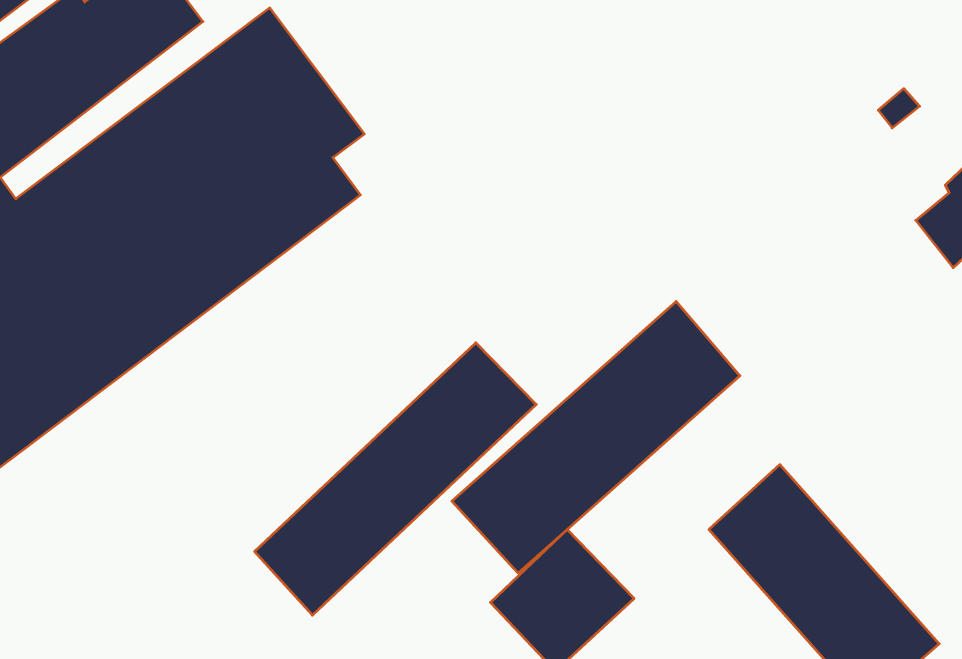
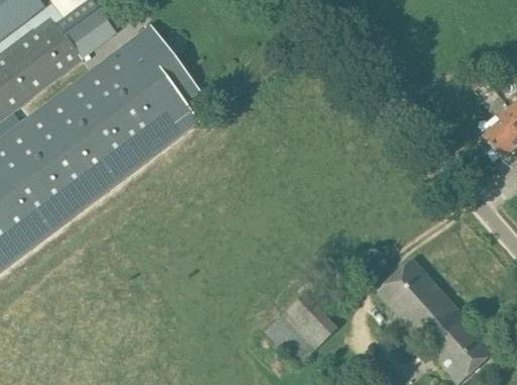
building: [452,301,740,573] -> none
building: [255,343,536,615] -> none

